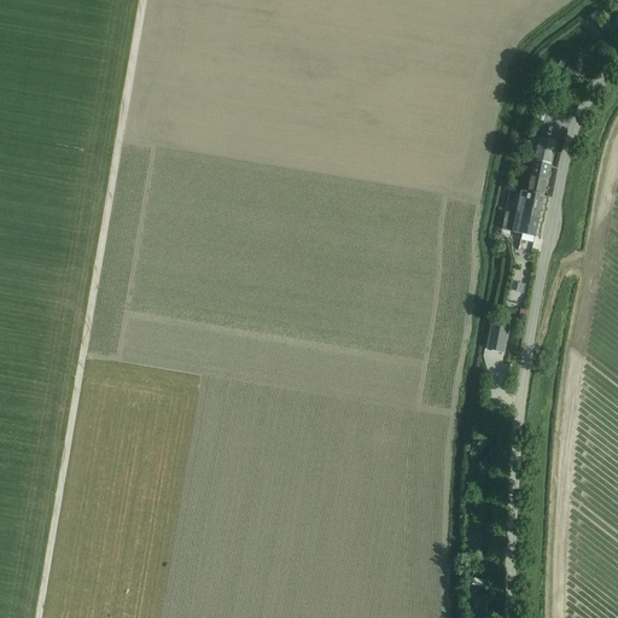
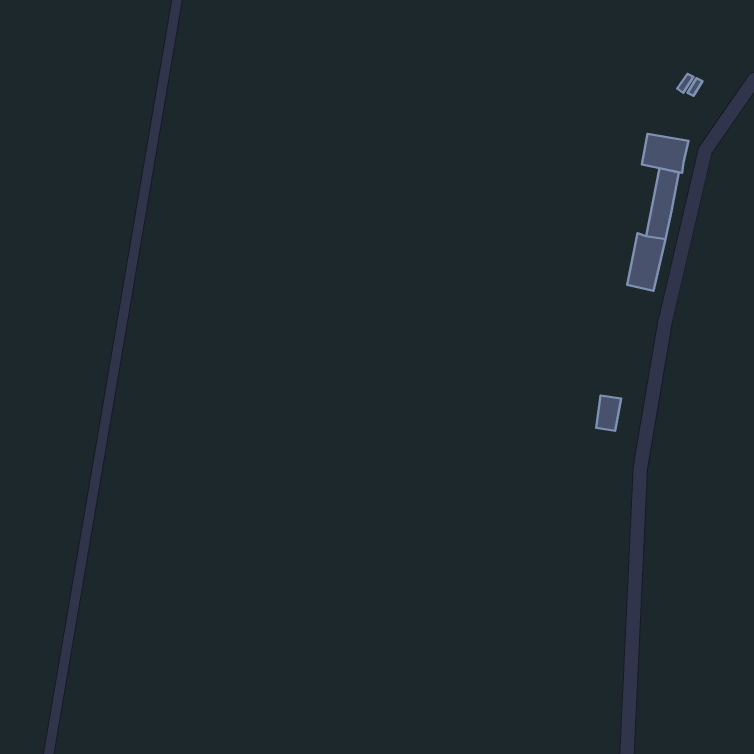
building: none -> [642,134,688,173]

